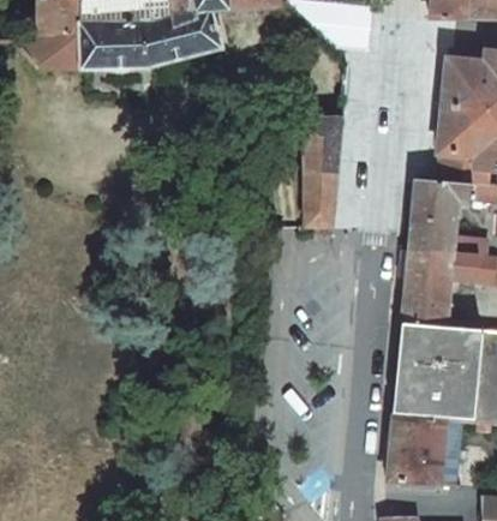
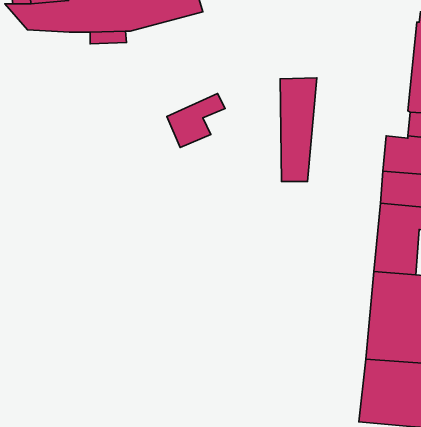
building: none -> [167,93,225,148]

